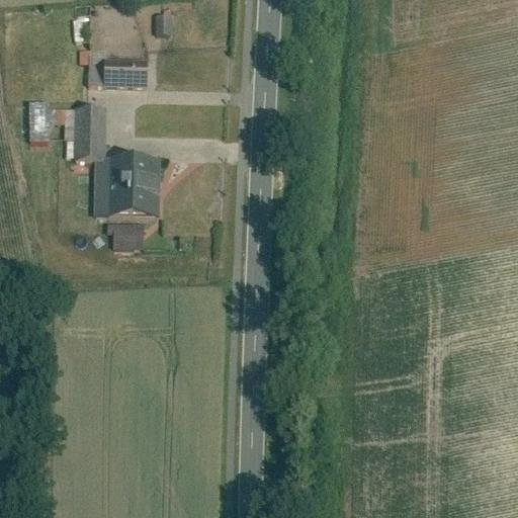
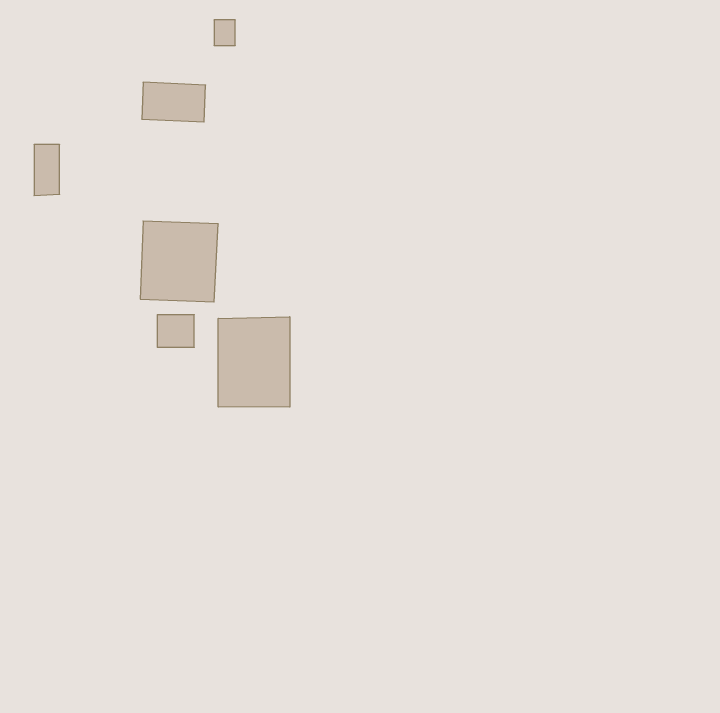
building: [70,107,100,158] -> none
building: none -> [218,317,290,407]

